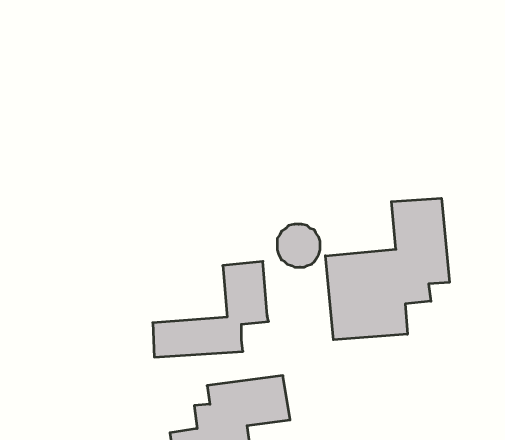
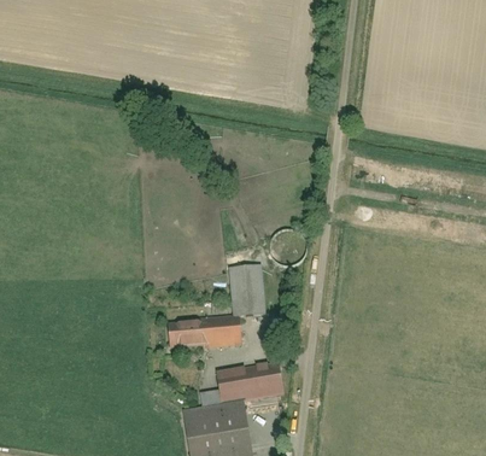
building: [325,198,449,340] -> none

